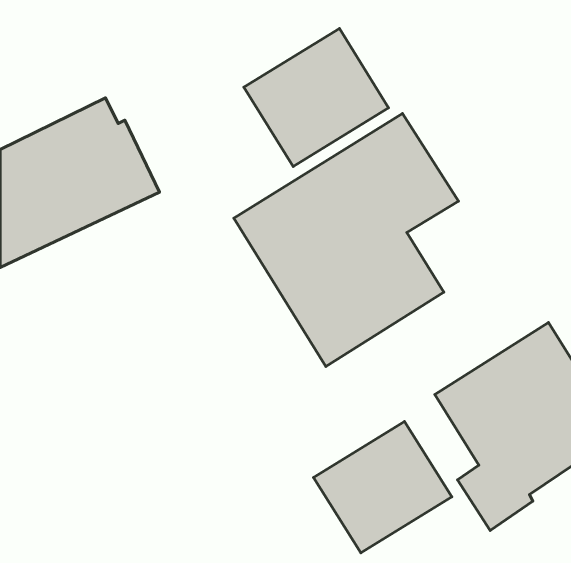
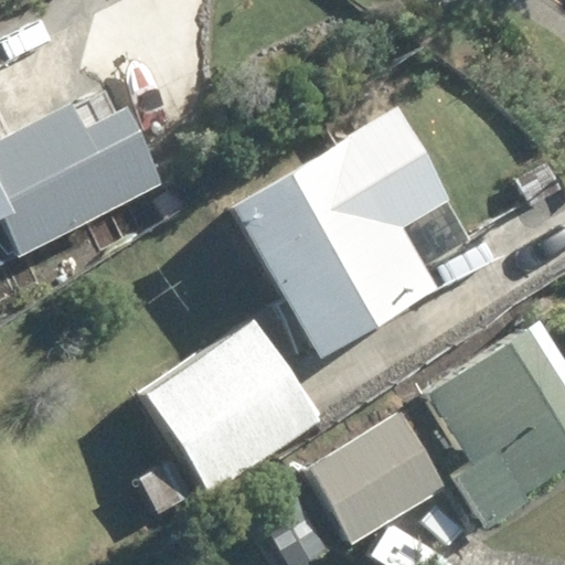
building: [244,29,389,166] -> none
building: none -> [138,312,311,482]

